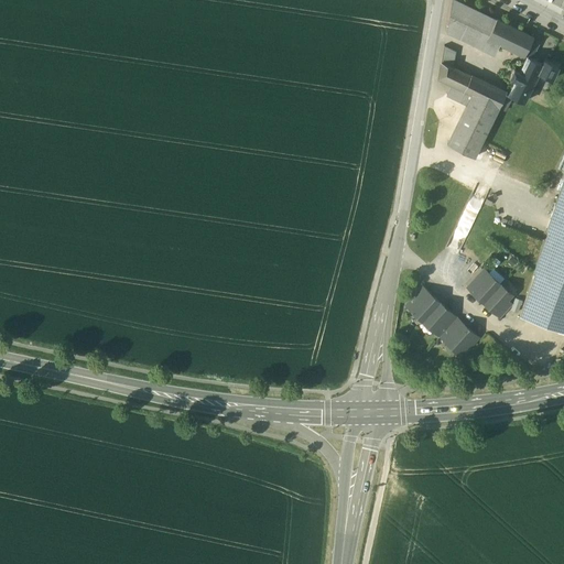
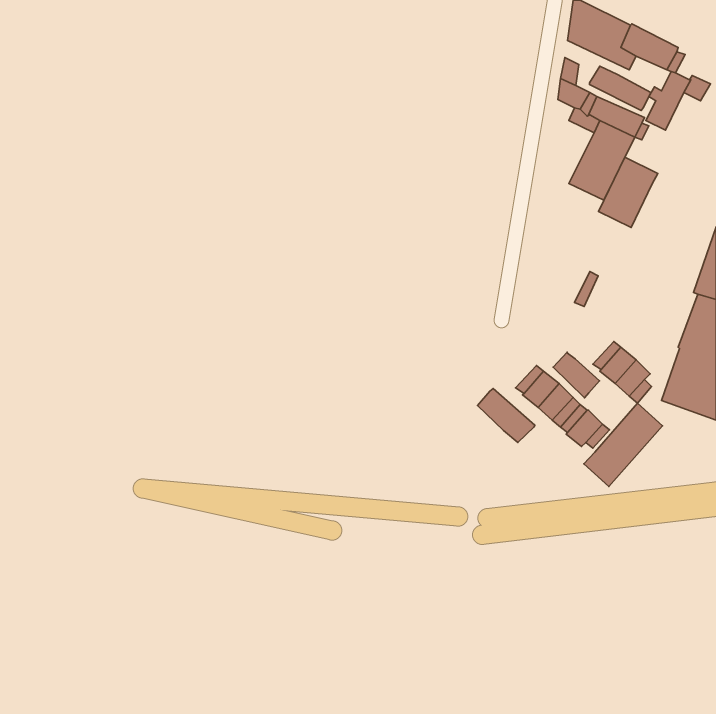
building: none -> [590,66,651,110]
building: none -> [598,157,658,228]
building: none -> [553,352,600,398]
building: none -> [478,388,535,443]
building: none -> [584,403,663,486]

